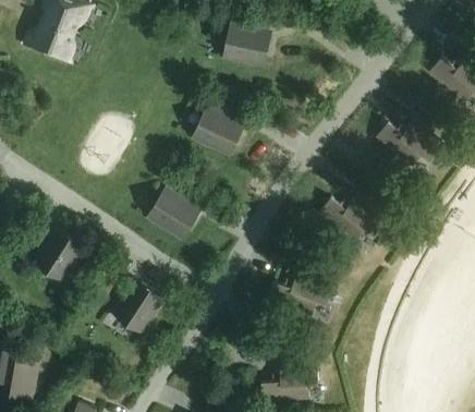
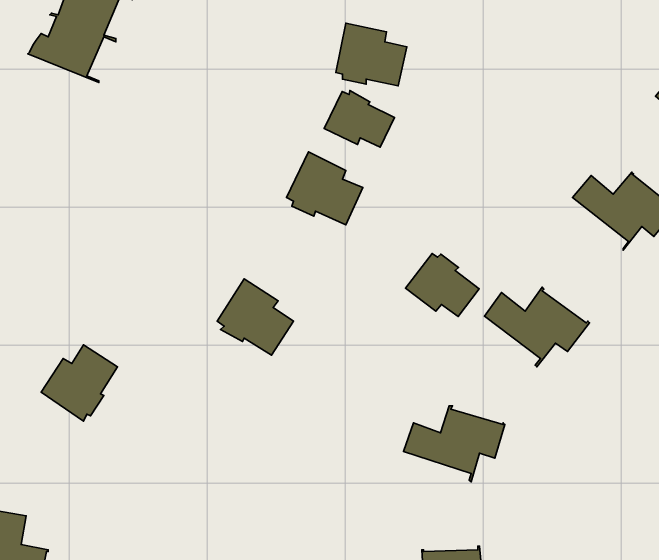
building: none -> [324,91,394,147]
building: none -> [405,253,479,317]
building: [114,283,165,331] -> none

